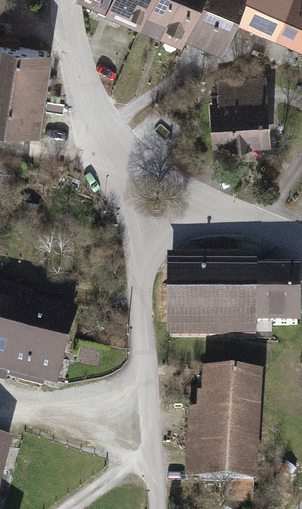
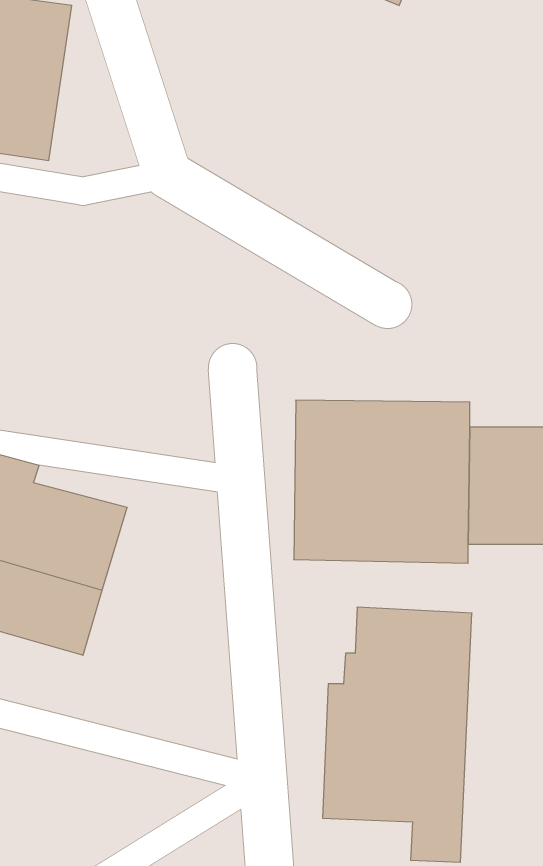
building: [211,73,270,149] -> none

